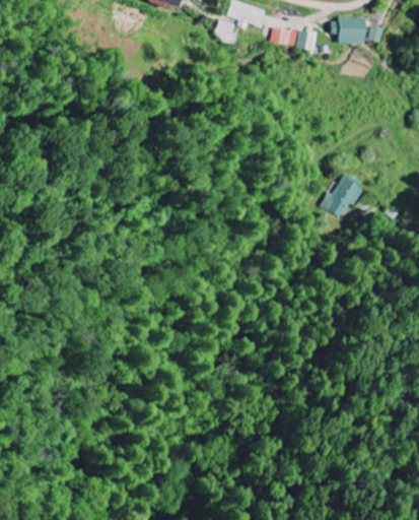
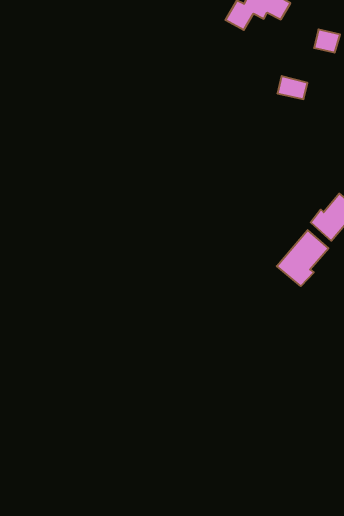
building: [271,27,296,45] -> [277,76,307,99]
building: none -> [277,230,328,286]

